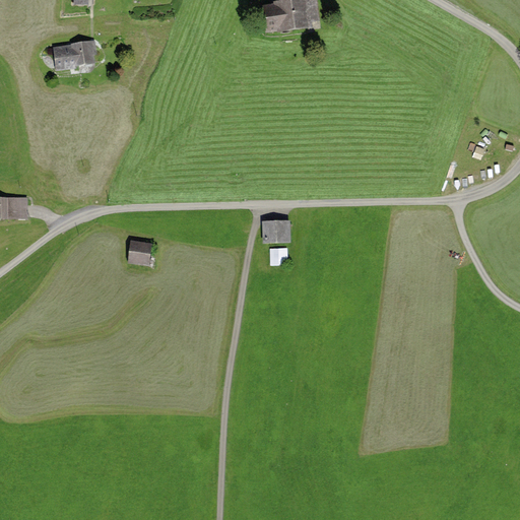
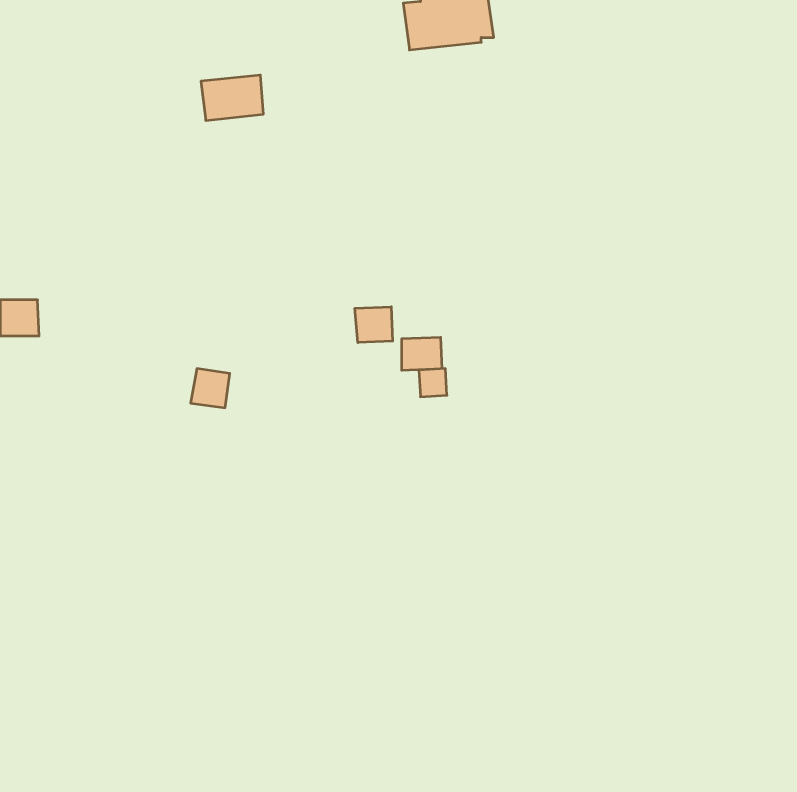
building: [55,40,95,69] -> [201,75,263,120]
building: none -> [355,307,393,343]

